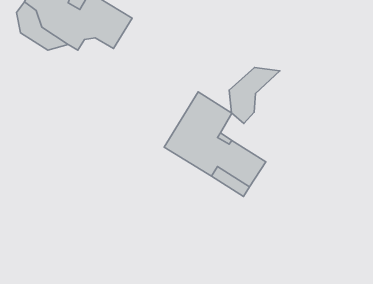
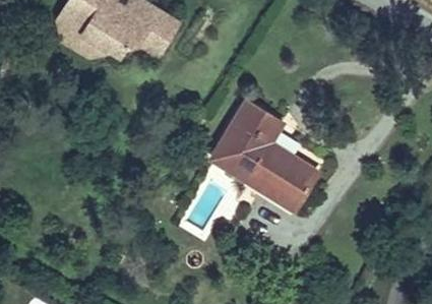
building: [229,67,280,123] -> none

